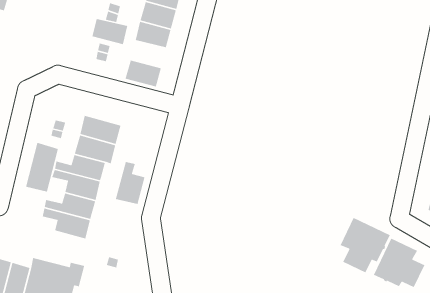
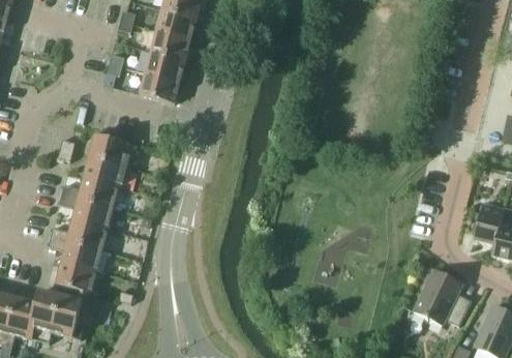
building: [92,18,128,45] -> [145,52,185,82]
building: [25,142,59,193] -> none
building: [115,161,146,205] -> none
building: [339,217,391,273] -> none
building: none -> [56,262,96,293]

